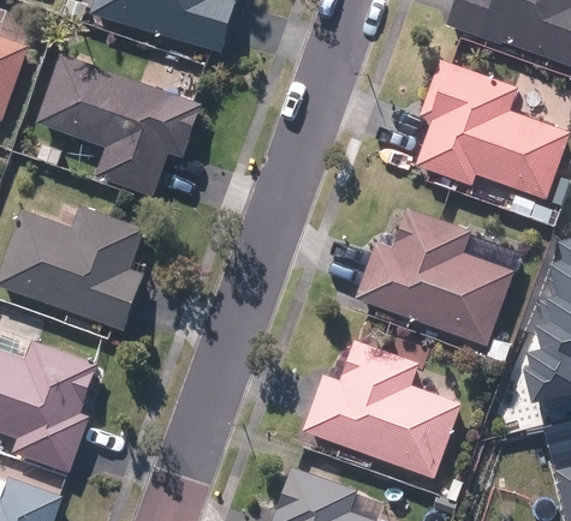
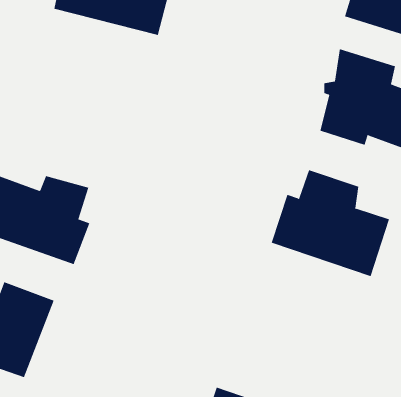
building: [37,56,202,187] -> none
building: [304,347,460,472] -> none

